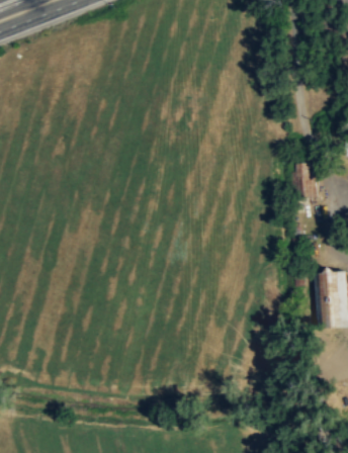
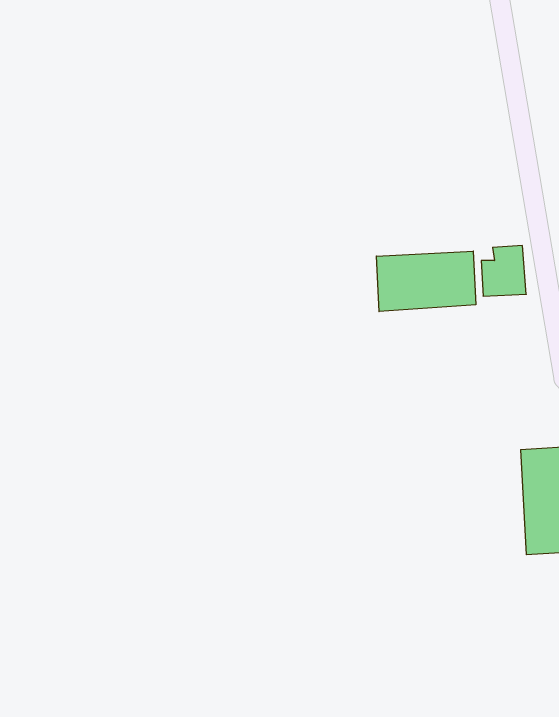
building: none -> [376,251,476,312]

